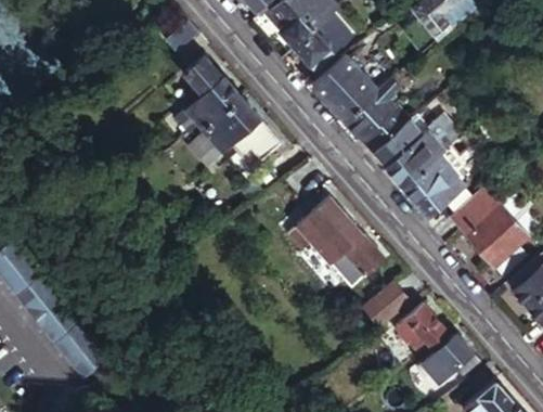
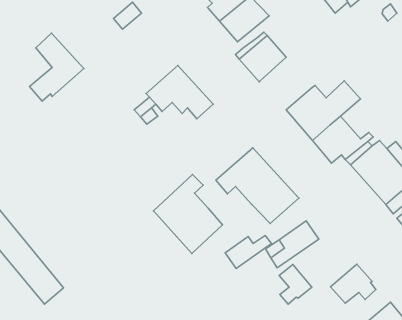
building: [177,53,242,134] -> [30,33,84,101]
building: [340,76,403,149] -> none
building: none -> [153,174,222,253]
building: none -> [225,235,271,268]
building: [409,305,448,352] -> [279,265,312,304]

